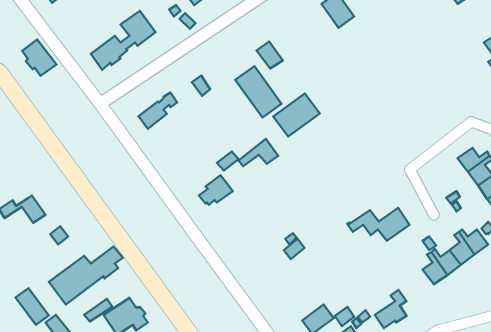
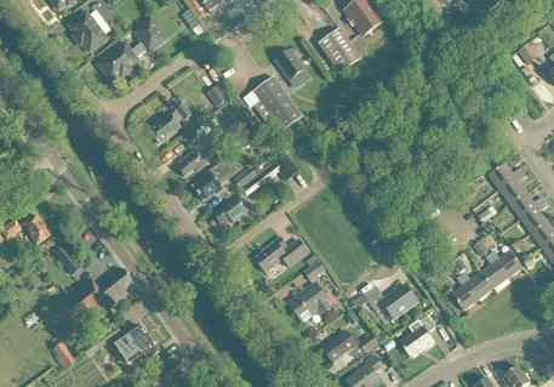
building: none -> [318,29,360,74]
building: [22,40,56,76] -> [69,12,105,51]
building: [273,93,320,136] -> none
building: none -> [177,136,221,176]
building: none -> [192,163,229,200]
building: [347,208,410,241] -> [352,284,418,319]
building: none -> [256,237,308,272]
building: none -> [289,283,333,321]
building: [15,288,49,325] -> none

